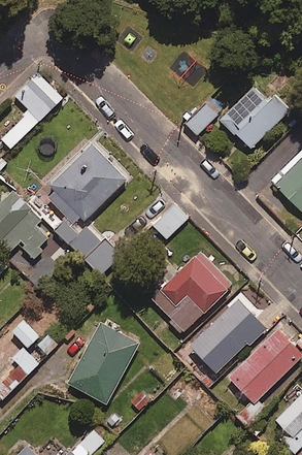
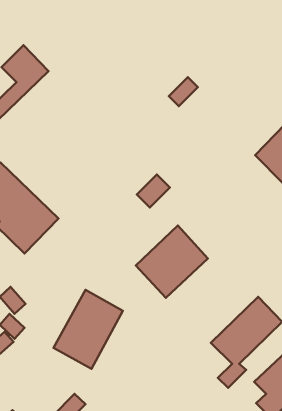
building: [220,86,289,149] -> none
building: [46,141,126,274] -> none
building: [190,299,264,372] -> none

